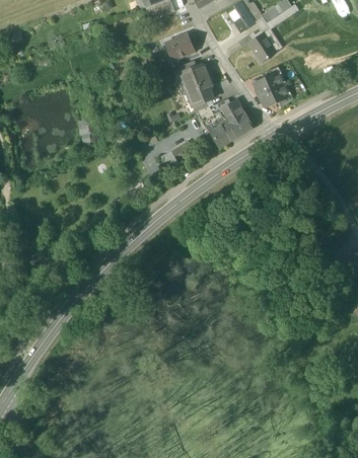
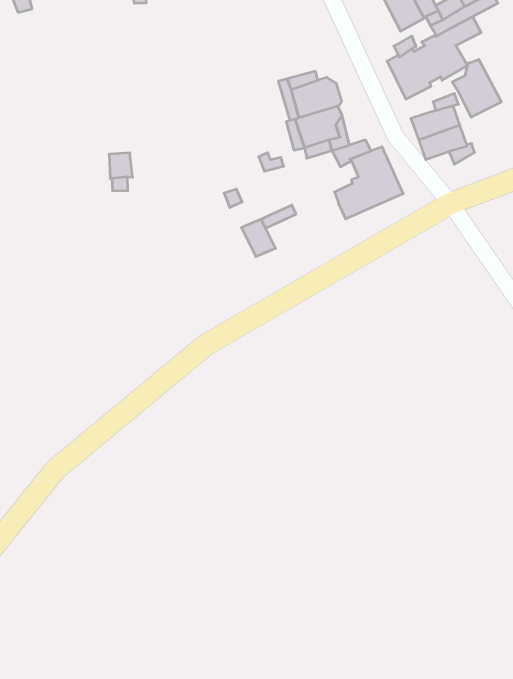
building: [164,33,194,58] -> none
building: none -> [452,59,501,117]

